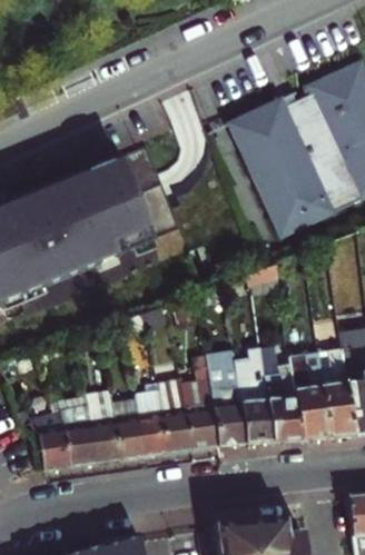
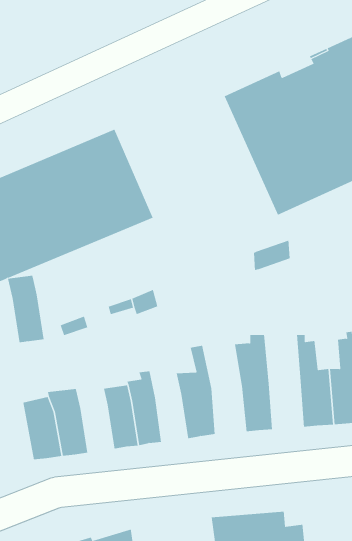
building: [207,348,249,444] -> none
building: [157,378,194,452] -> none
building: [272,394,304,439] -> none
building: [88,397,124,462] -> [7,275,45,343]

